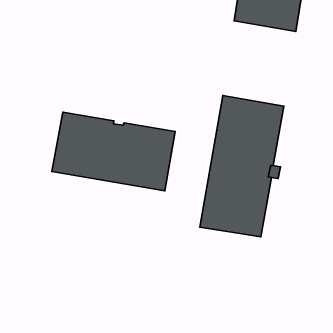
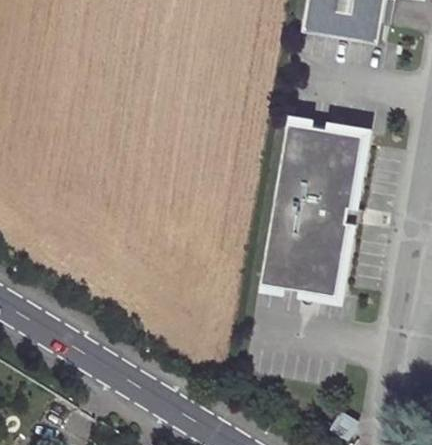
building: [52,112,175,191] -> none

